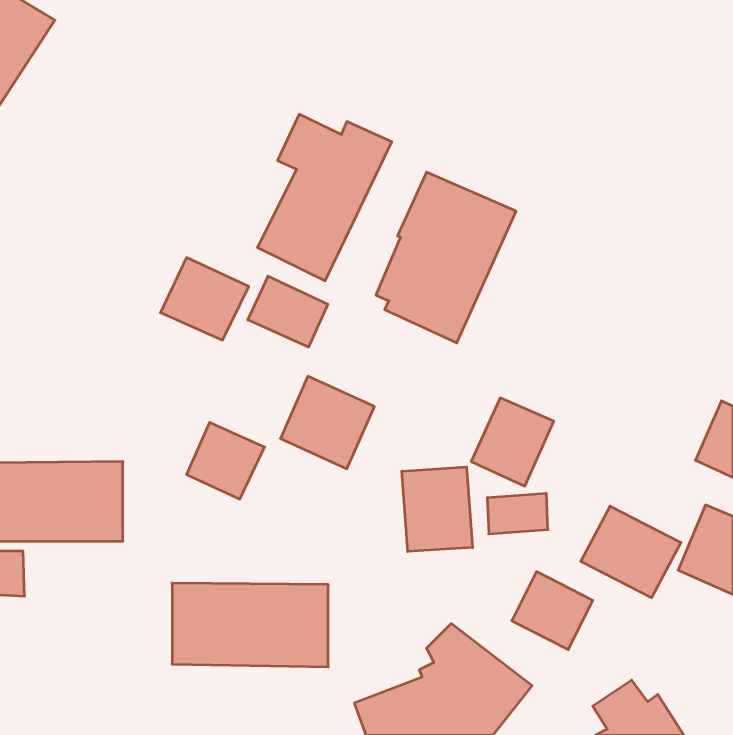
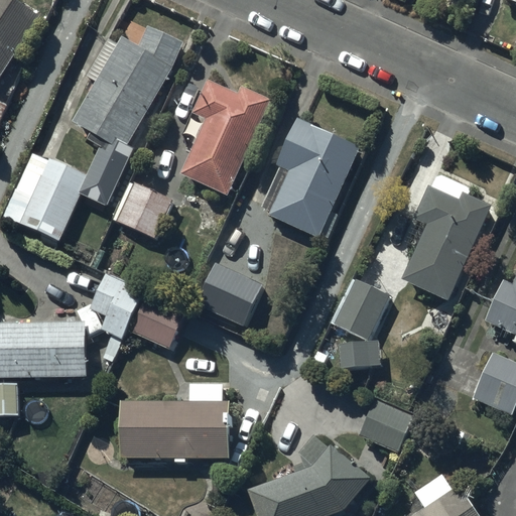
building: none -> [14,28,183,242]
building: none -> [402,185,490,298]
building: [248,276,328,347] -> none
building: none -> [89,272,143,346]
building: [402,467,473,552] -> none
building: [581,506,681,598] -> none

